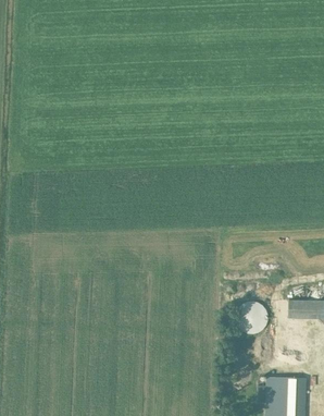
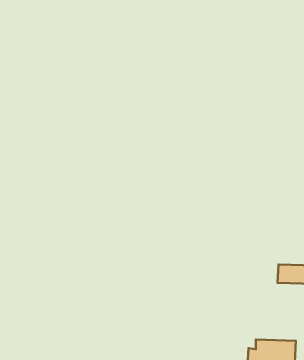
building: [235,301,269,334] -> none

